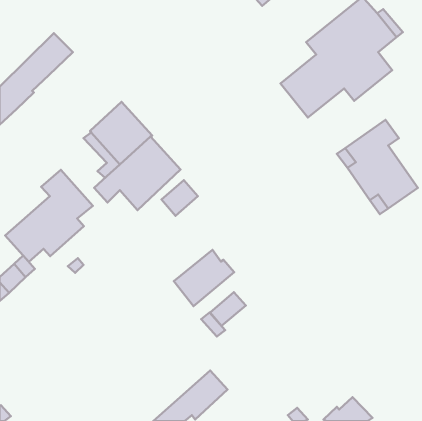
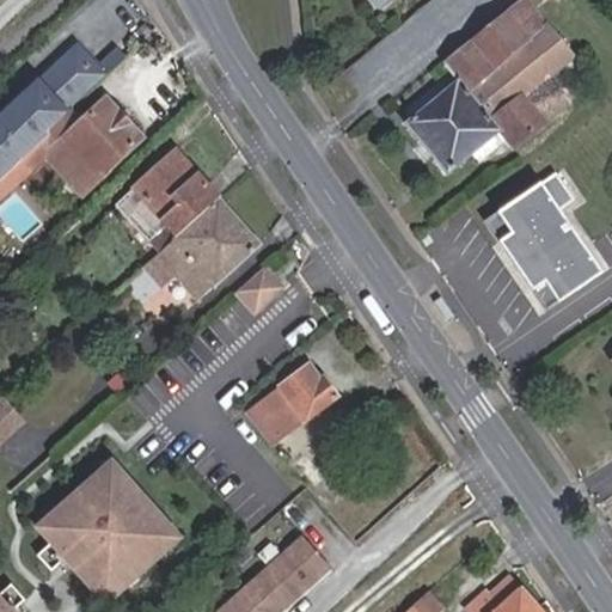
building: none -> [24,98,145,197]
building: [5,170,93,262] -> none
building: [210,292,246,326] -> none
building: none -> [35,467,171,604]

